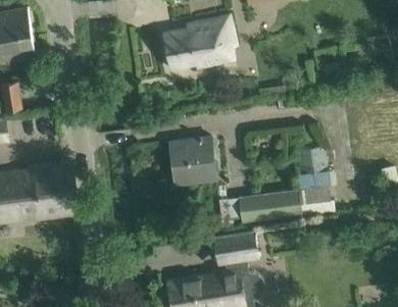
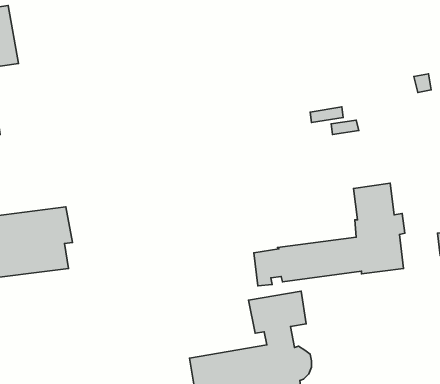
building: [162,14,236,69] -> none
building: [170,137,215,182] -> none

